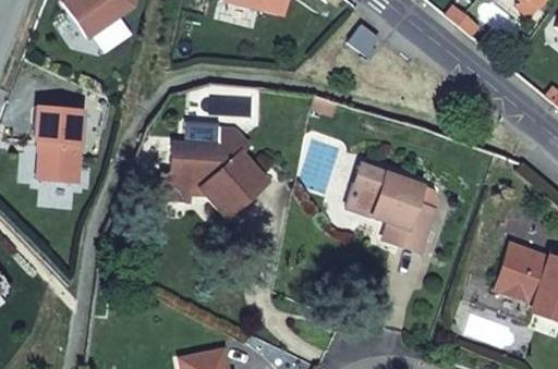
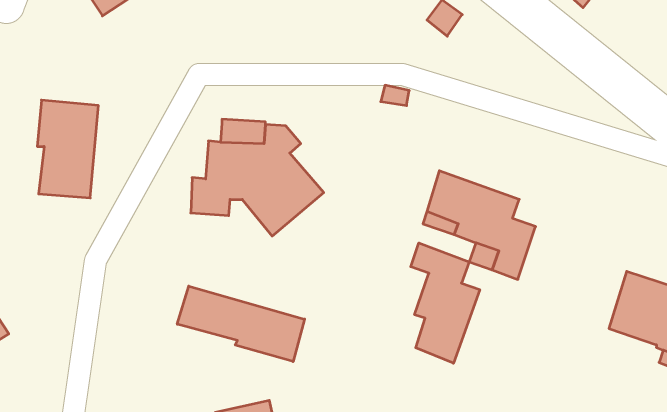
building: none -> [411,243,480,363]
building: none -> [177,286,305,362]

